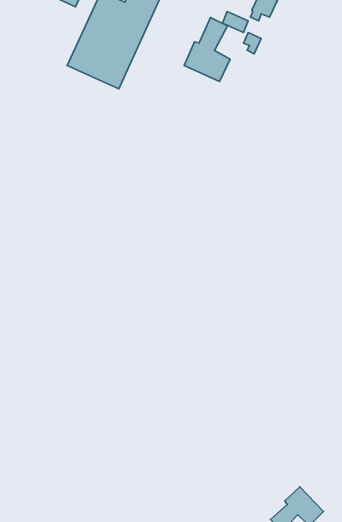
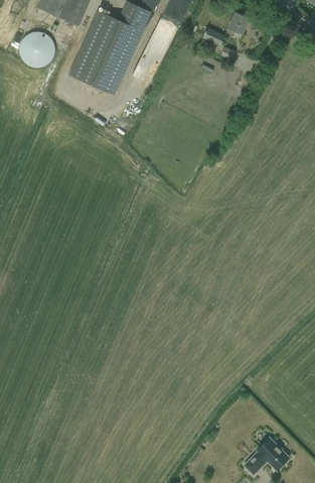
building: none -> [19,31,55,68]
building: [184,18,230,81] -> none

